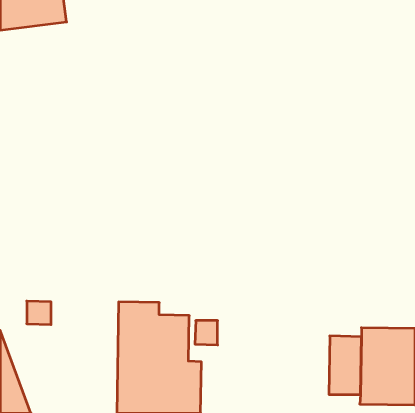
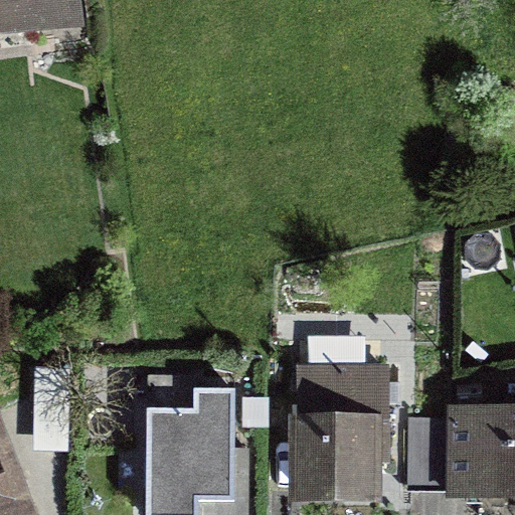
building: none -> [287,337,401,506]

